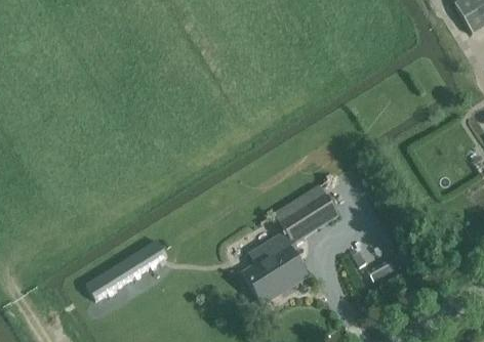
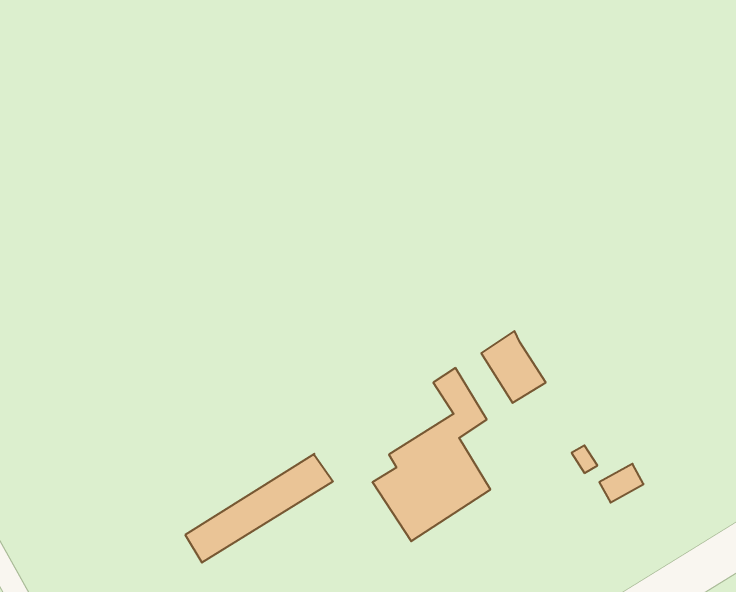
building: [86,239,168,299] -> [185,454,333,563]

